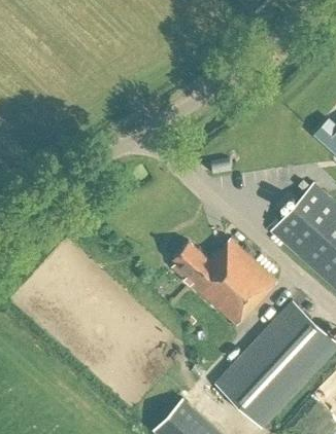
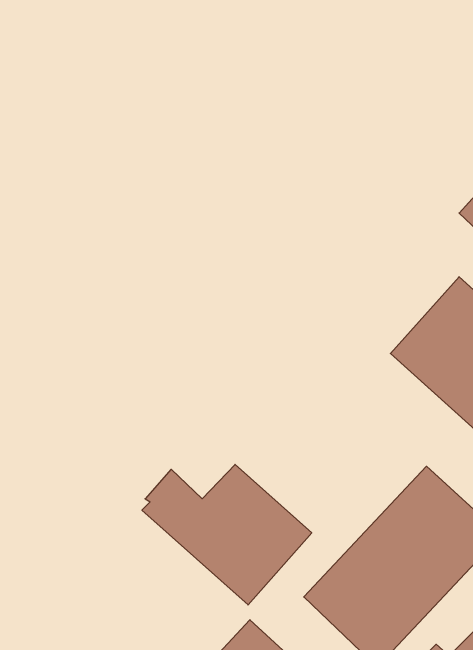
building: [170,238,277,326] -> [142,464,312,605]

